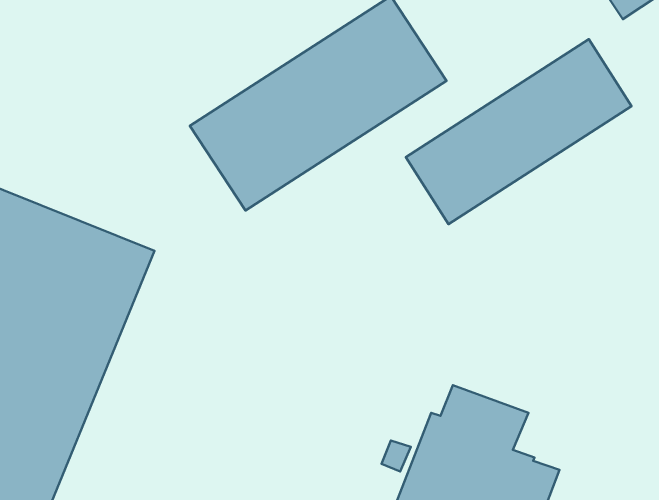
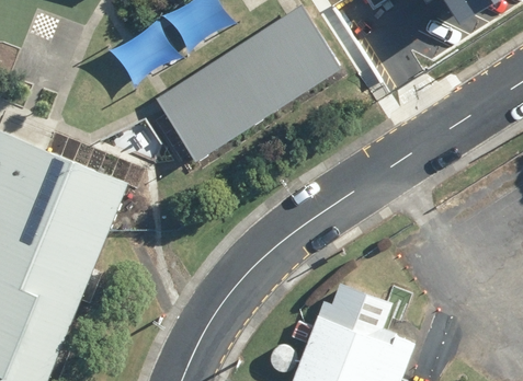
building: [406,39,631,224] -> none

